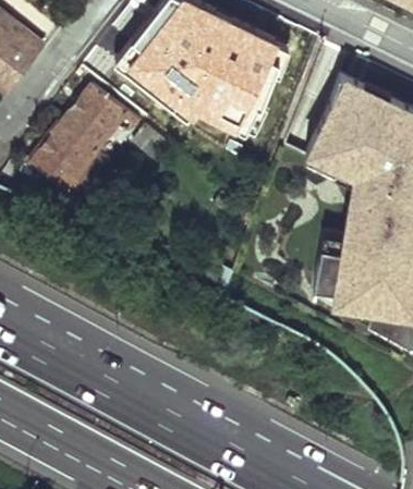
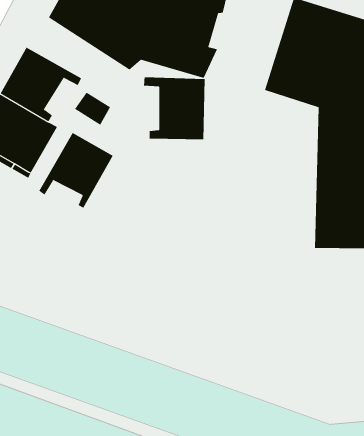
building: none -> [143,77,205,140]
building: none -> [38,132,114,209]

